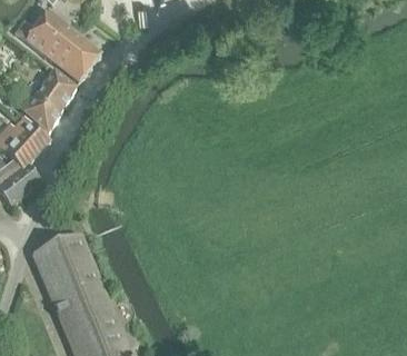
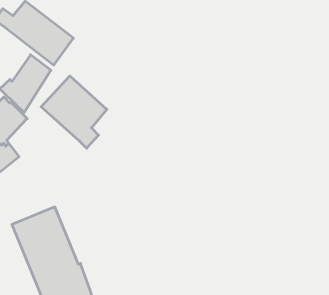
building: none -> [41,76,107,148]

